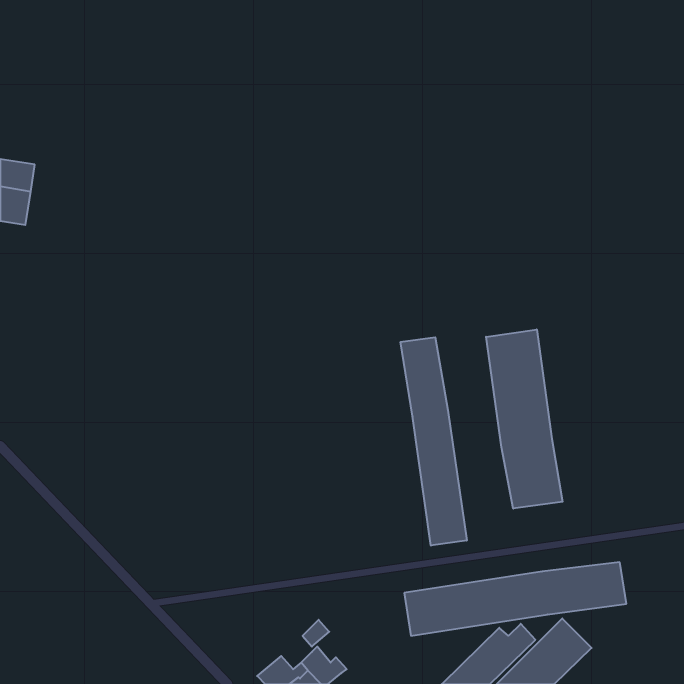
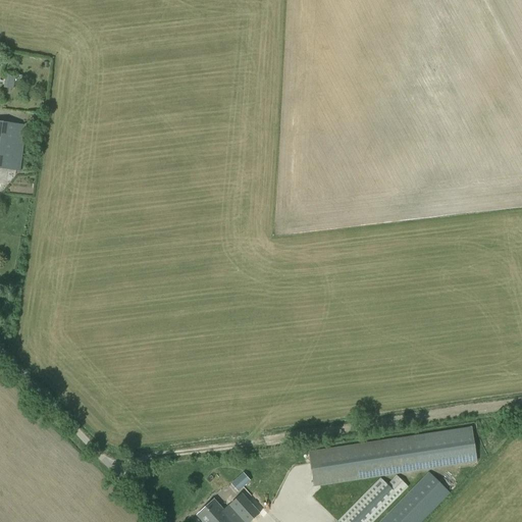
building: [486,329,563,509] -> none
building: [401,337,467,546] -> none

